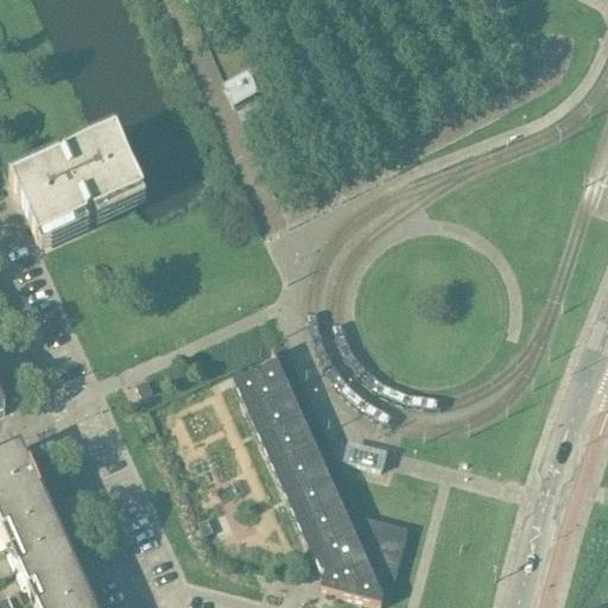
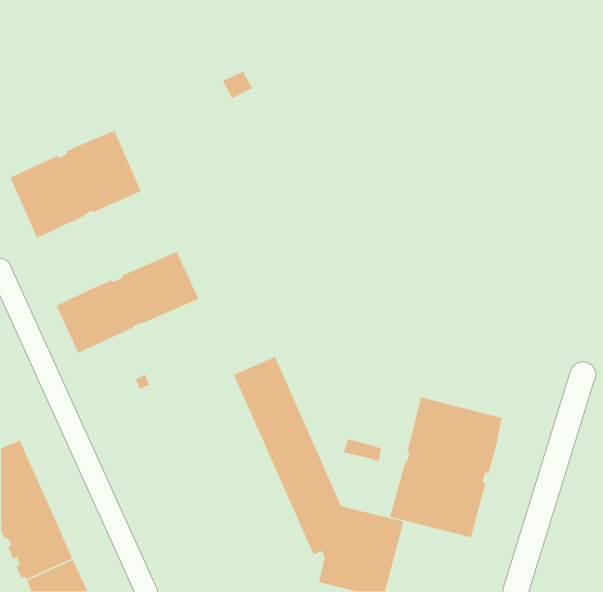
building: none -> [56,251,200,354]
building: none -> [389,397,503,538]

